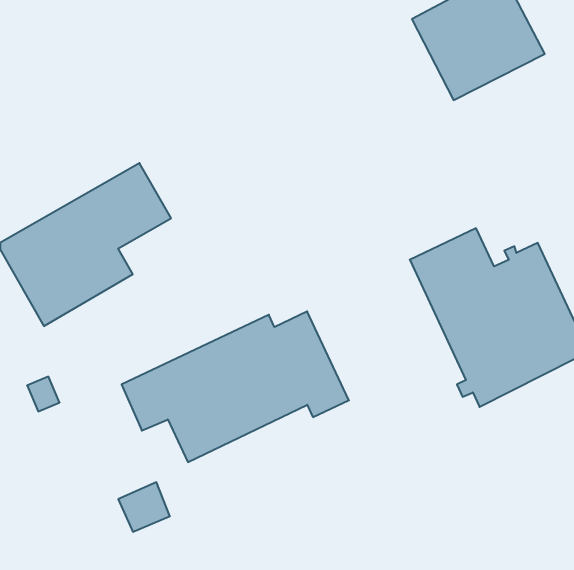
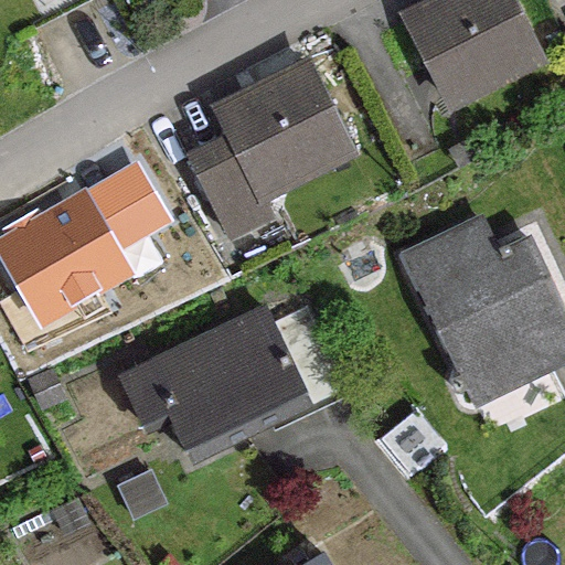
building: none -> [186,64,348,232]

